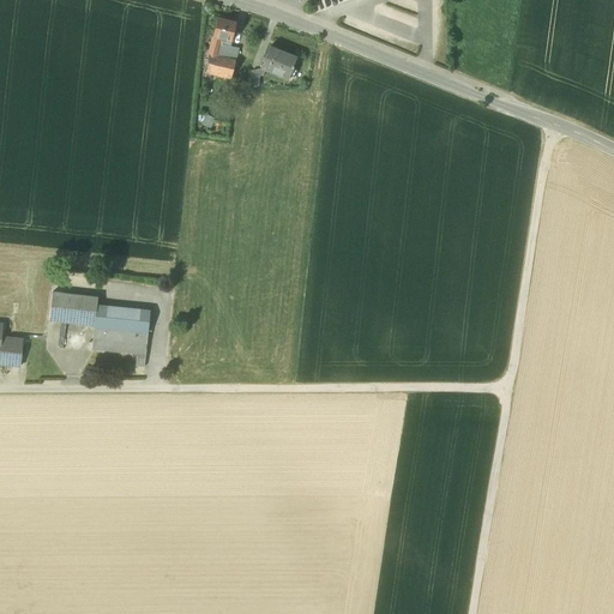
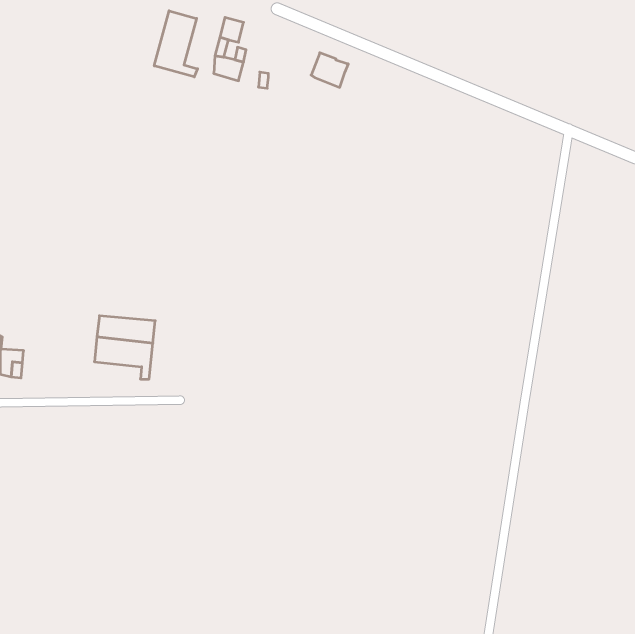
building: none -> [154,11,198,77]
building: [260,46,296,79] -> [311,53,348,87]
building: [48,290,97,325] -> none

